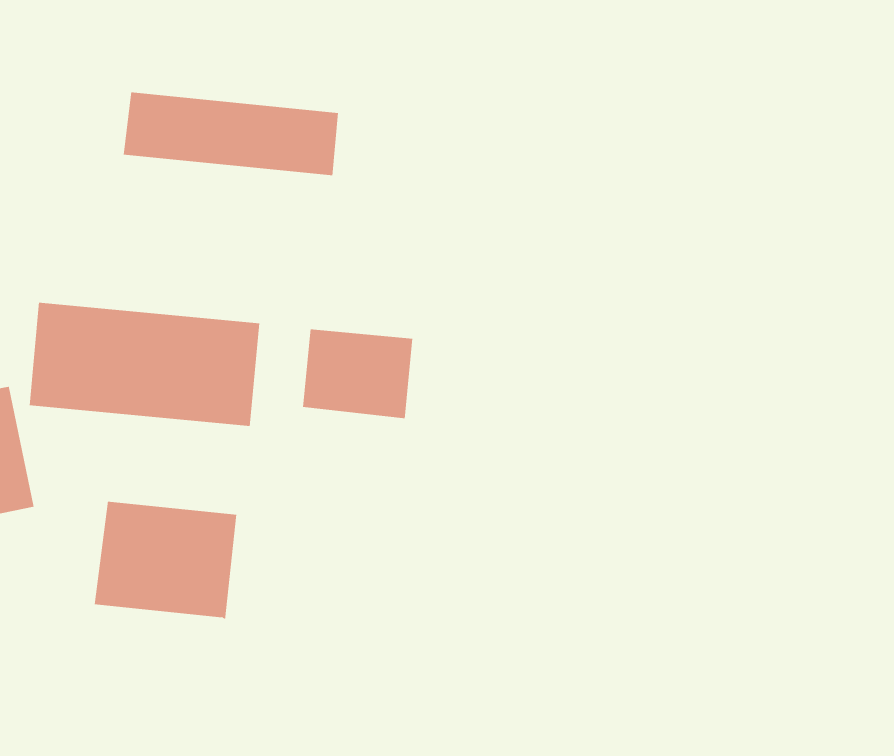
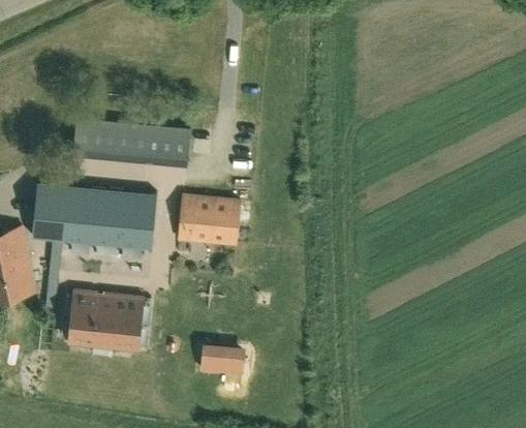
building: [123,92,339,176] -> [73,120,190,165]
building: none -> [202,344,246,375]

